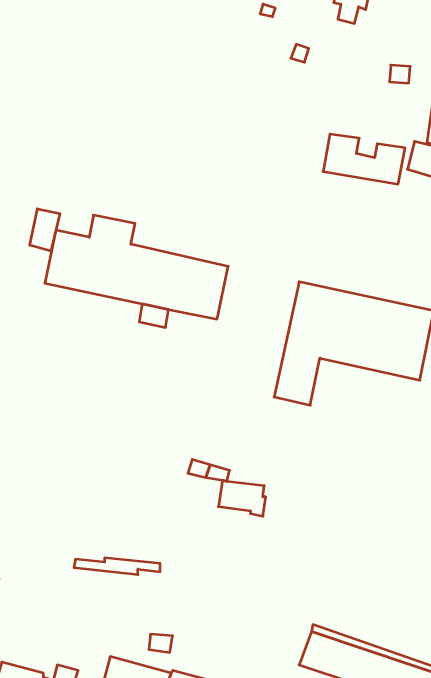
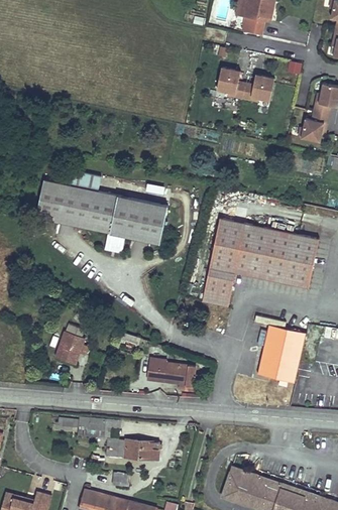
building: [323,134,405,184] -> [216,66,275,102]
building: [30,209,60,251] -> none
building: none -> [55,324,85,363]
building: none -> [258,326,306,383]
building: none -> [107,439,159,459]

